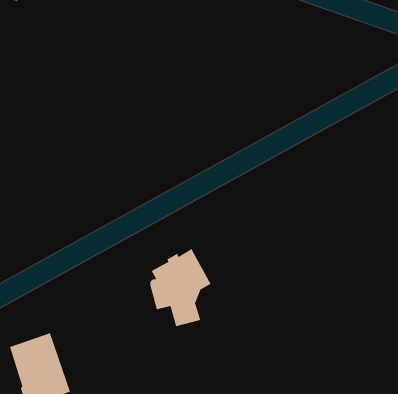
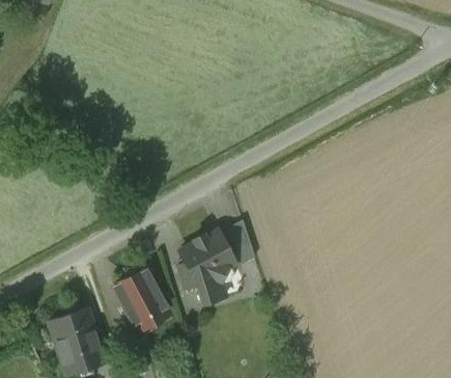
building: none -> [218,221,254,269]
building: none -> [112,269,166,331]

